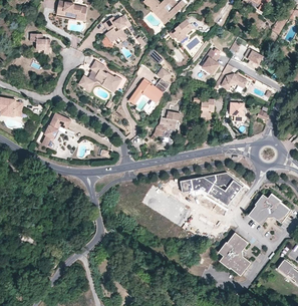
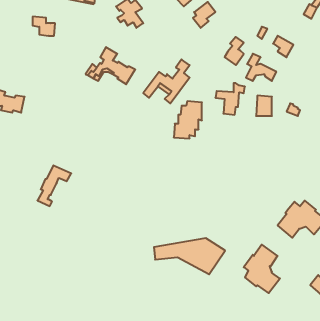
building: [41,112,71,148] -> [37,165,71,206]
building: [181,172,244,204] -> [154,238,225,274]

